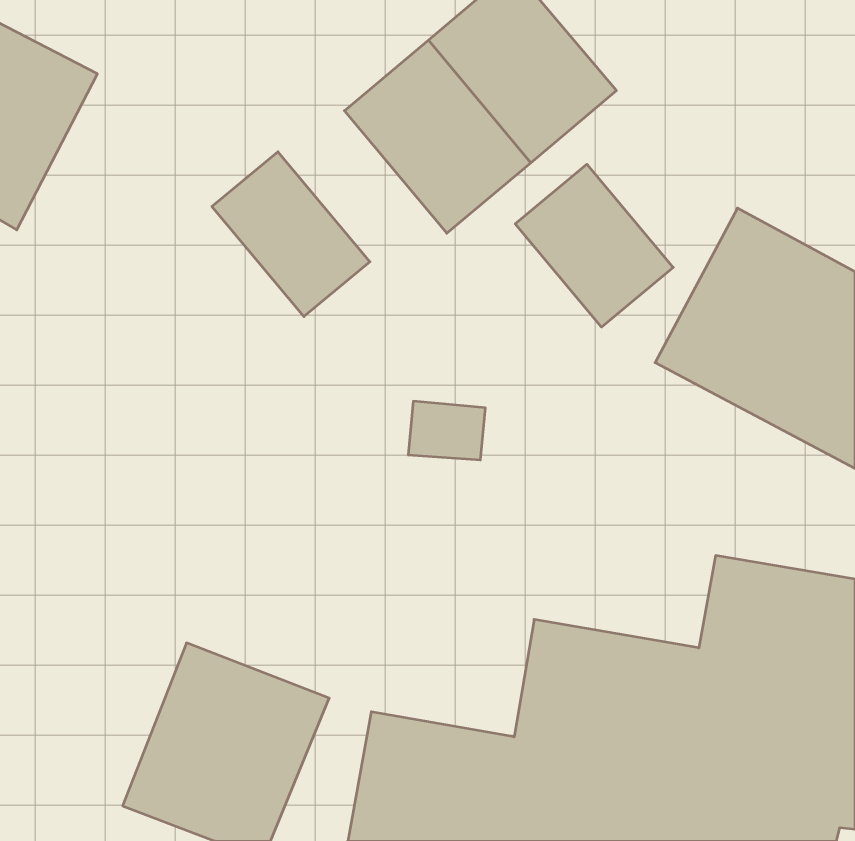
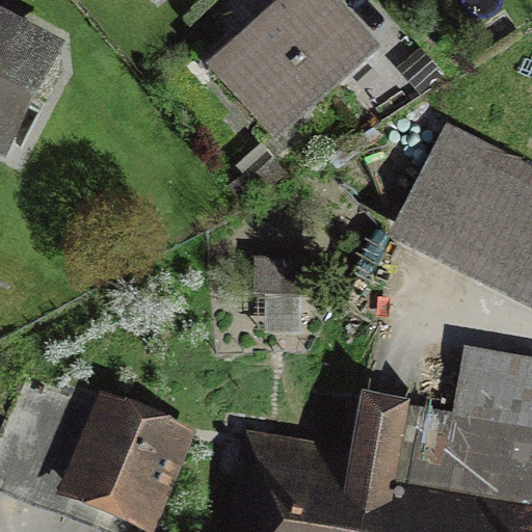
building: [212,152,370,317] -> none
building: [515,164,673,327] -> none

